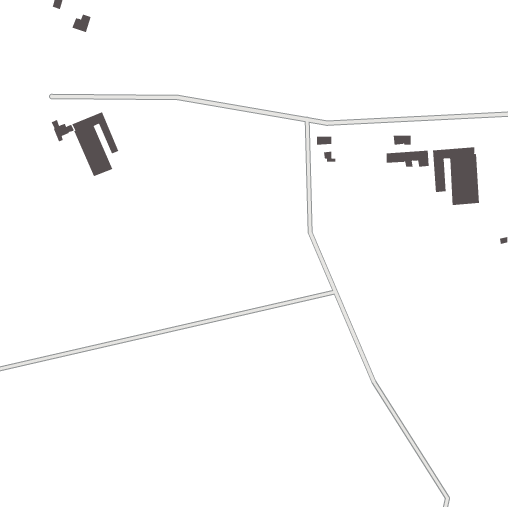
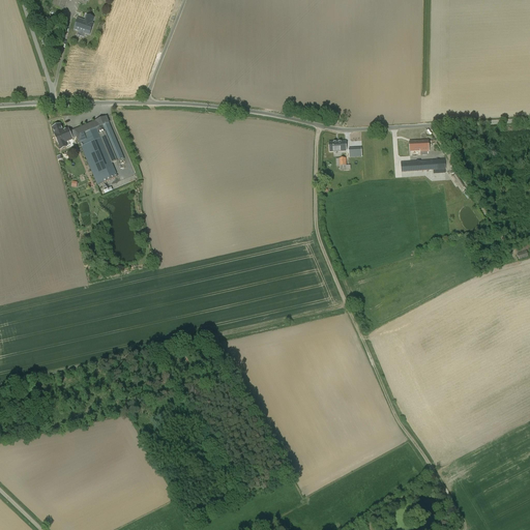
building: [432,147,479,206] -> none

